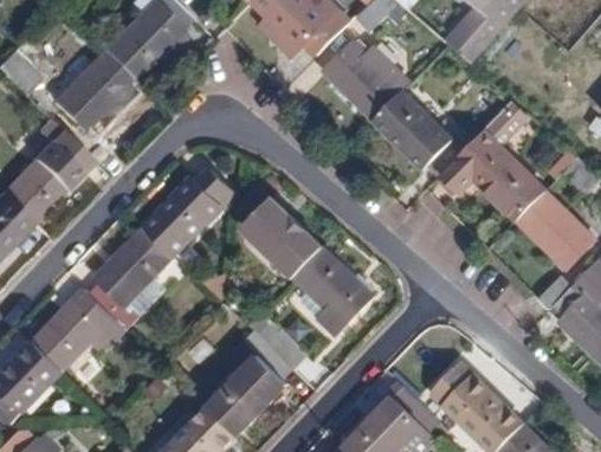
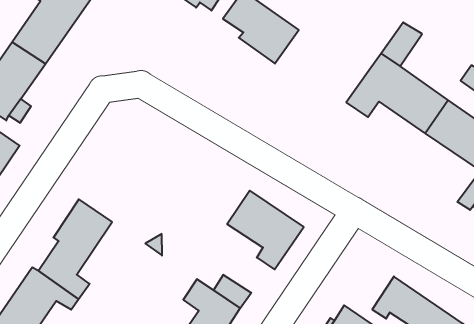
building: [371,90,468,175] -> none
building: [143,170,234,257] -> none
building: [234,187,323,279] -> none

